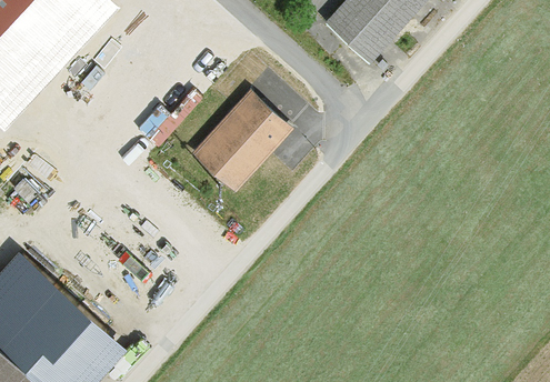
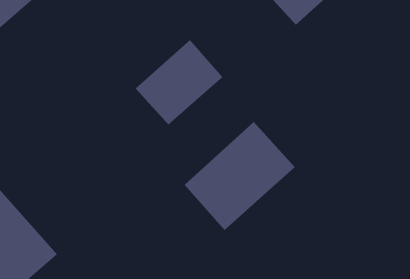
building: none -> [184,121,296,231]

